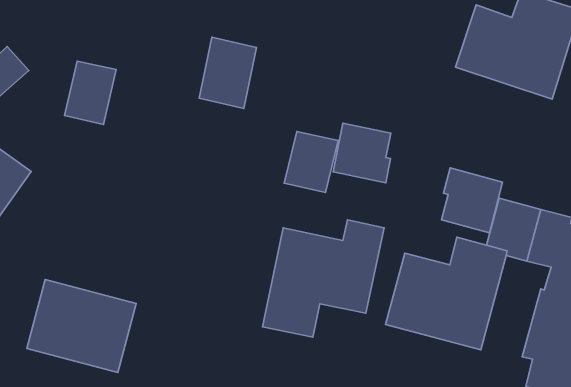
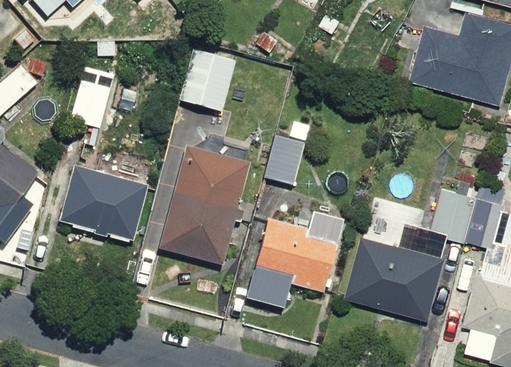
building: [333,123,391,183] -> none
building: none -> [154,142,243,262]
building: [441,168,503,233] -> none
building: [27,279,136,373] -> [55,164,150,245]

